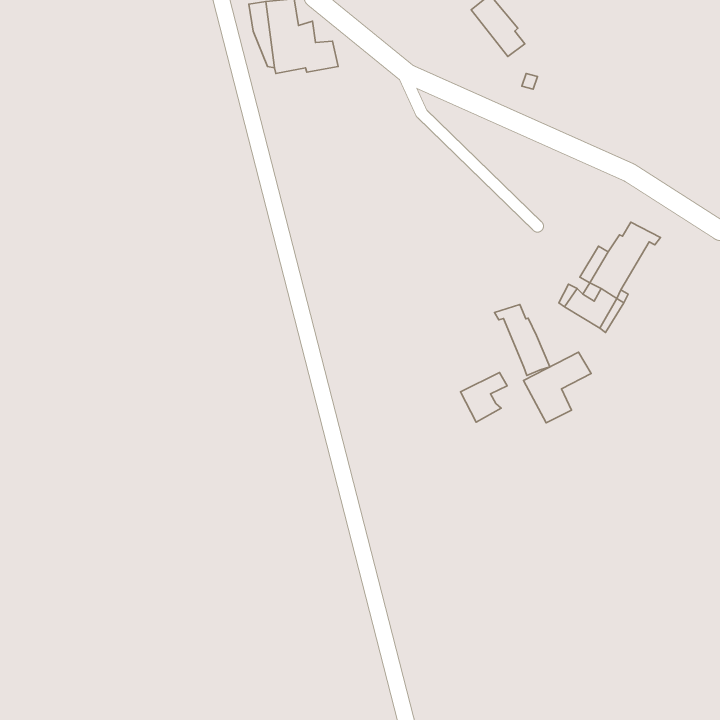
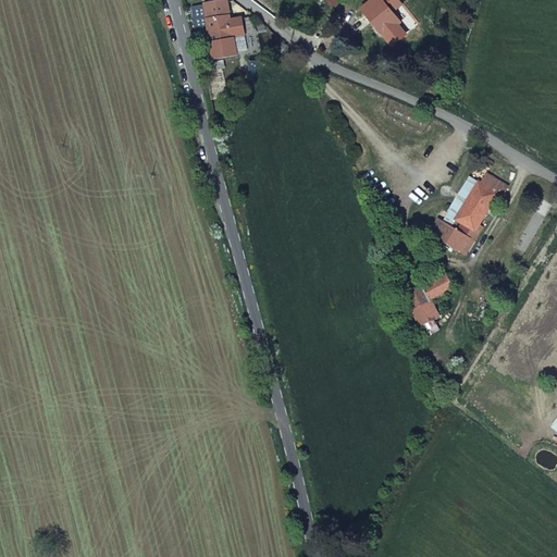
building: [495,304,550,375] -> none
building: [461,372,507,422] -> none

